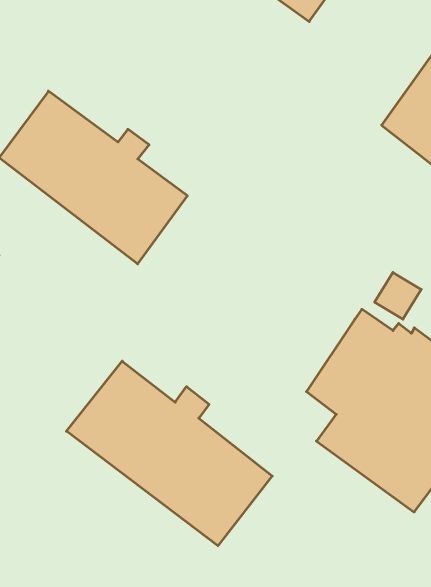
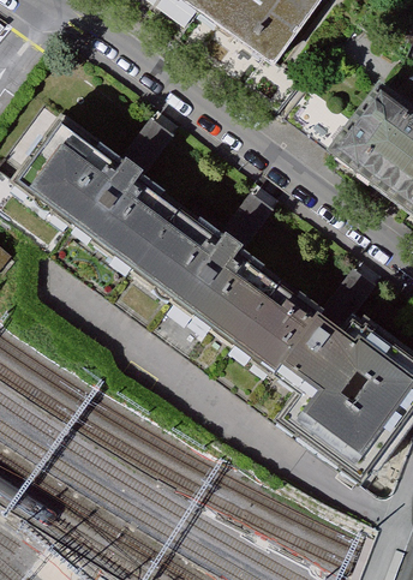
building: none -> [132,208,316,373]
building: [66,361,272,546] -> none

